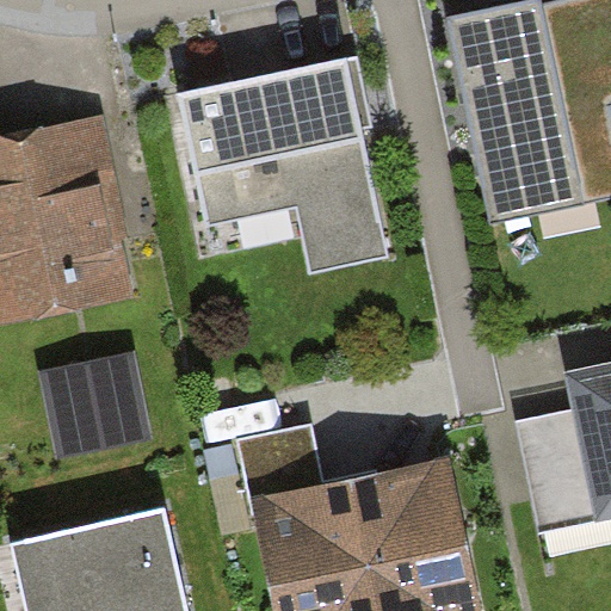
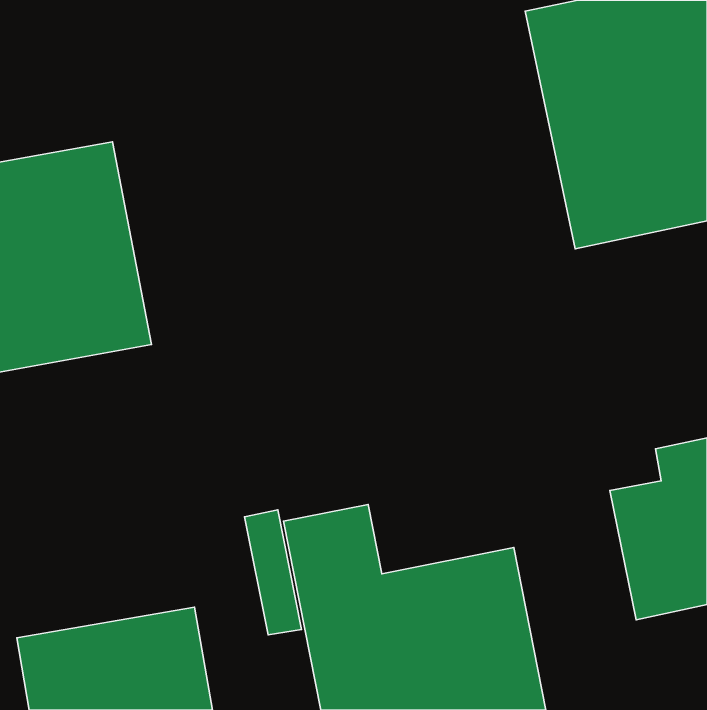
building: [180,53,394,277] -> none
building: [49,348,161,462] -> none

